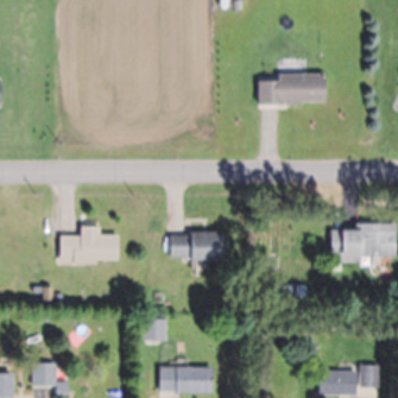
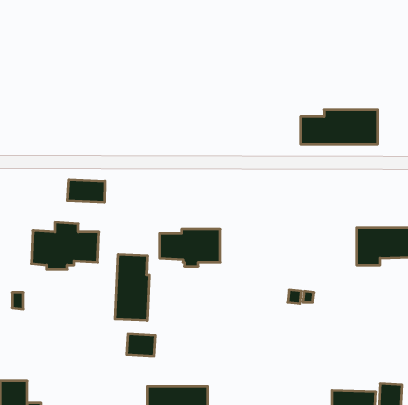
building: [259,76,326,106] -> [301,110,378,144]
building: none -> [67,180,105,202]
building: none -> [115,254,149,321]

